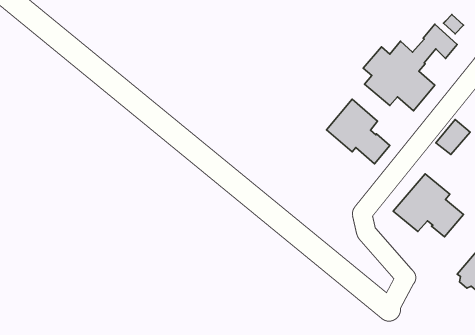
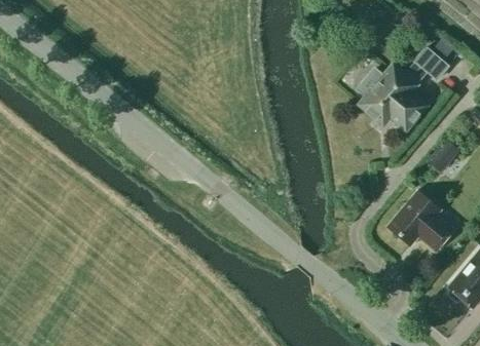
building: [327,99,390,164] -> none

